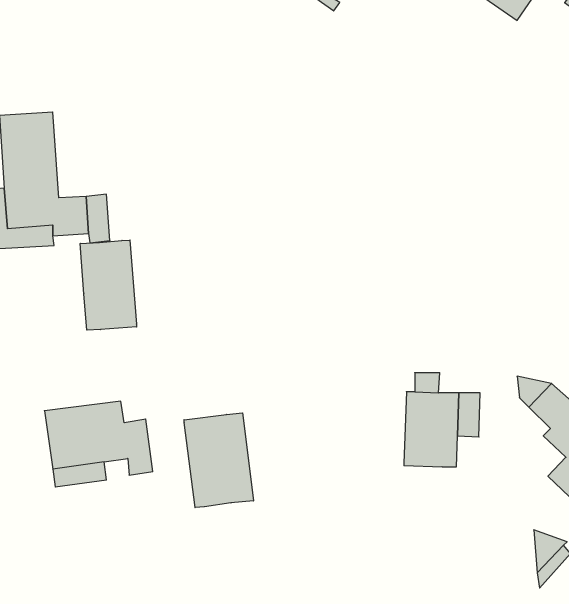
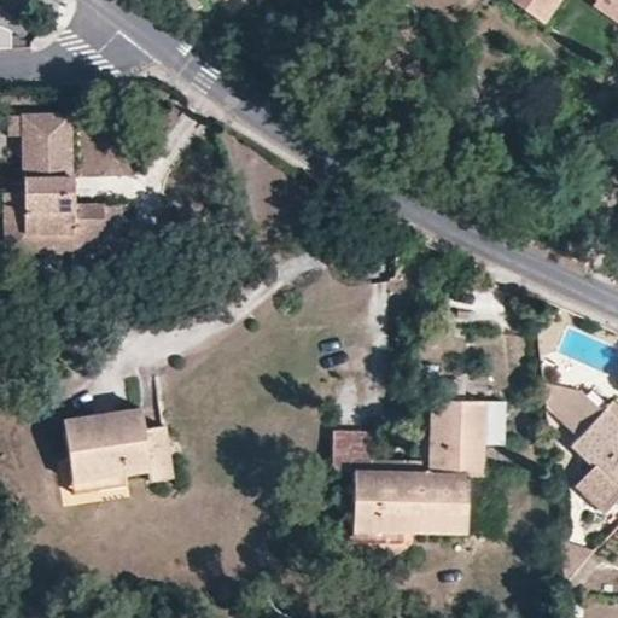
building: [80,240,137,330] -> none
building: [184,413,253,508] -> none
building: none -> [333,431,468,532]

